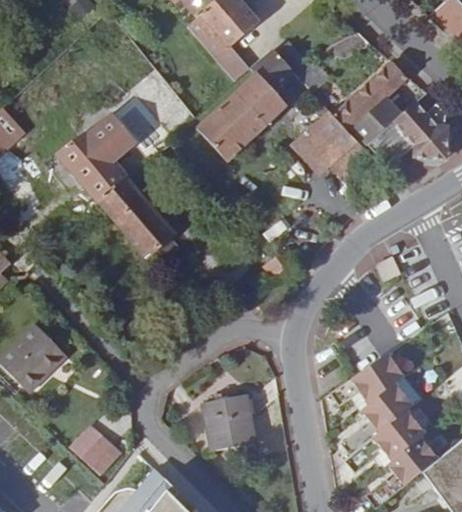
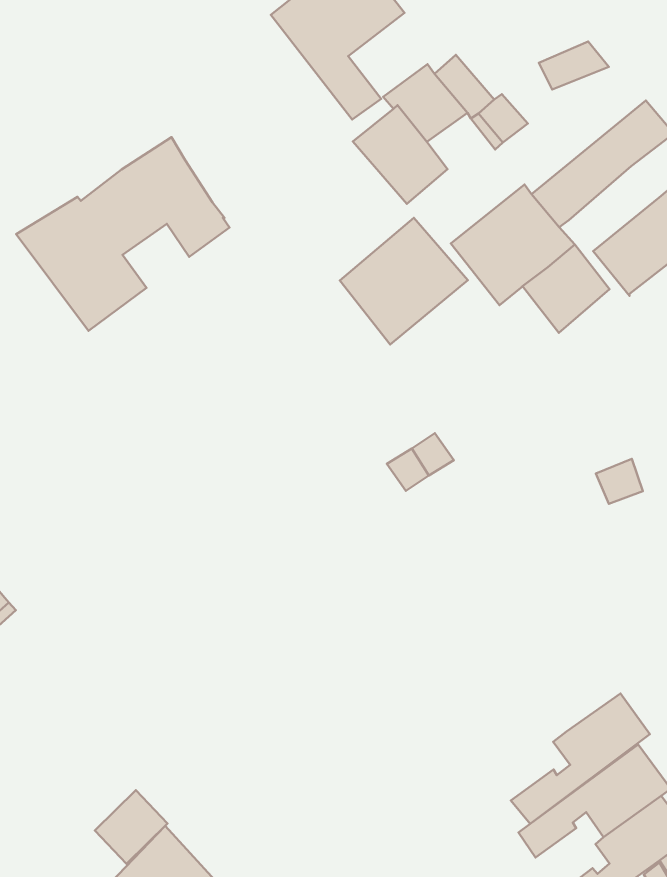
building: [197,92,266,161] -> [340,218,468,344]
building: [354,97,402,144] -> none
building: [98,177,176,257] -> none
building: [330,353,405,406] -> none
building: [203,394,255,449] -> none
building: [82,435,121,475] -> [95,790,168,864]

